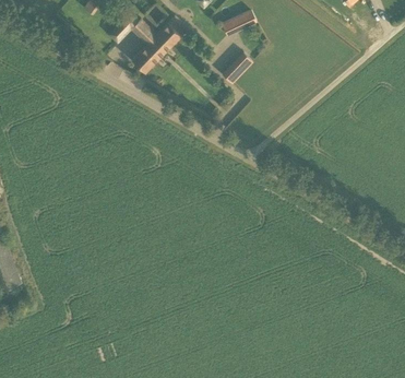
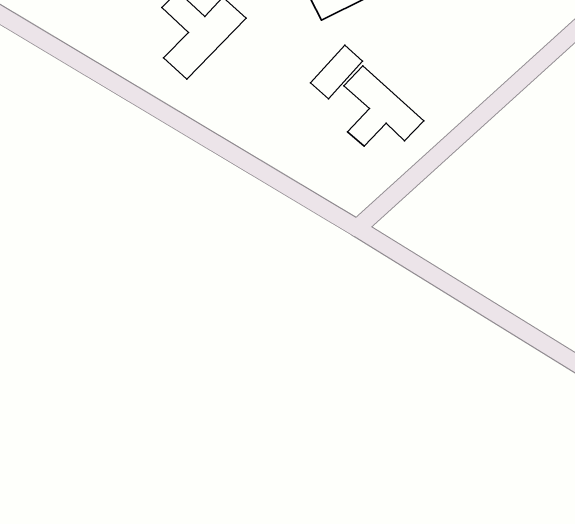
building: none -> [344,66,424,146]

